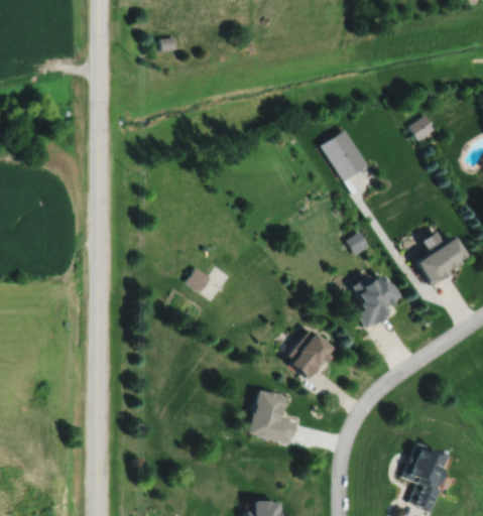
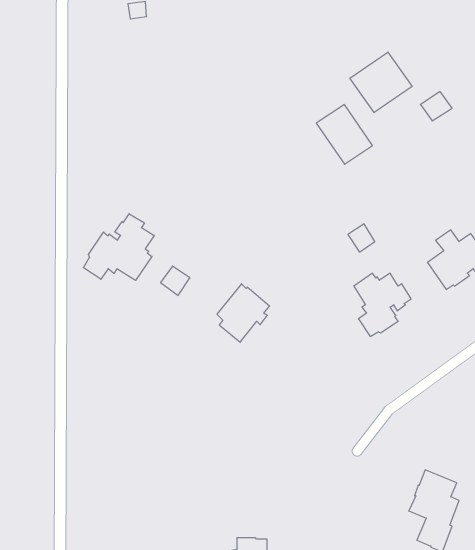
building: none -> [350,52,412,113]
building: none -> [83,214,154,280]
building: [287,328,333,378] -> [217,284,270,342]
building: [248,389,297,444] -> none

